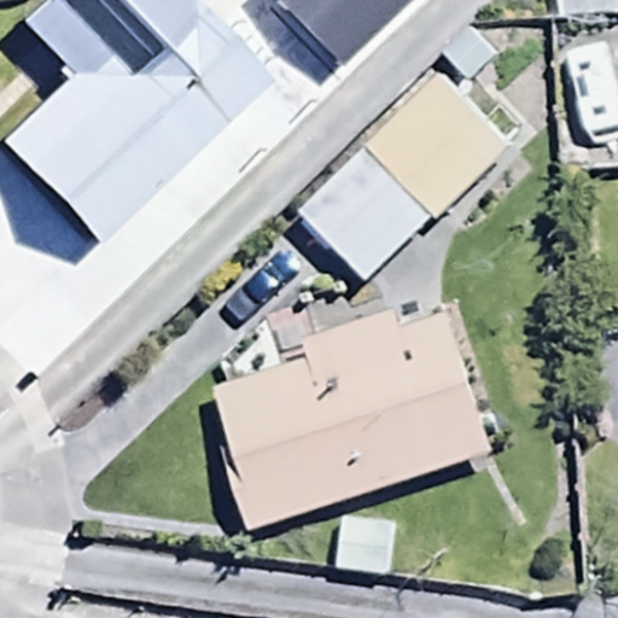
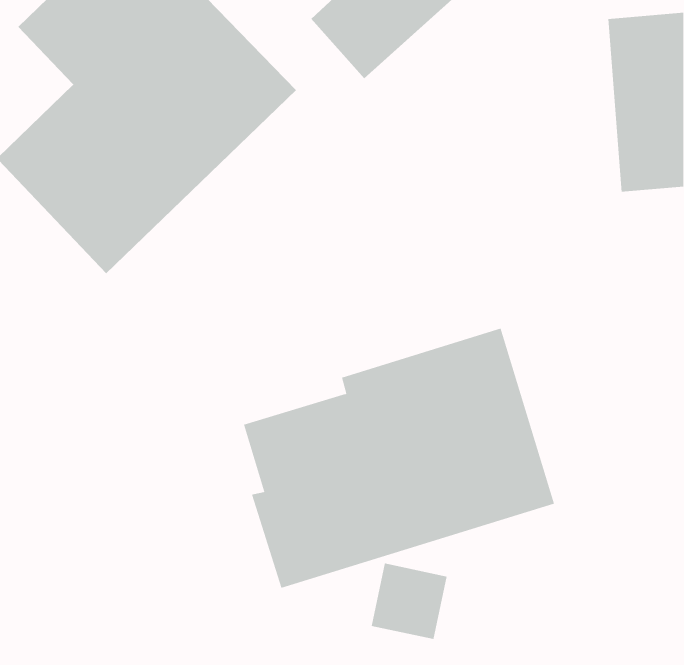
building: [302,70,512,282] -> none

